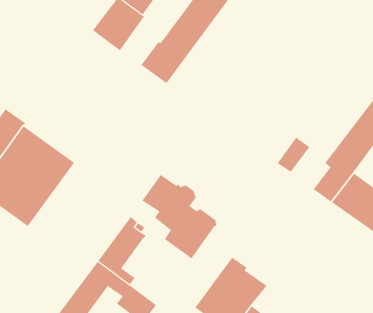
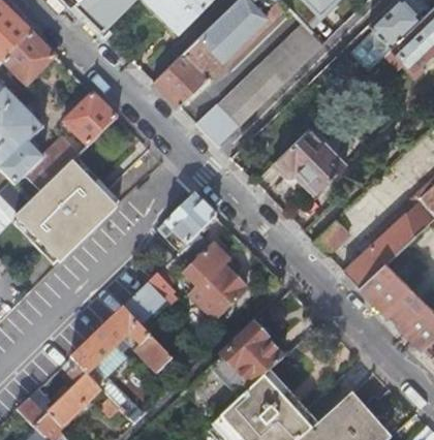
building: none -> [274,124,345,199]
building: none -> [64,95,118,148]
building: none -> [156,193,215,245]

